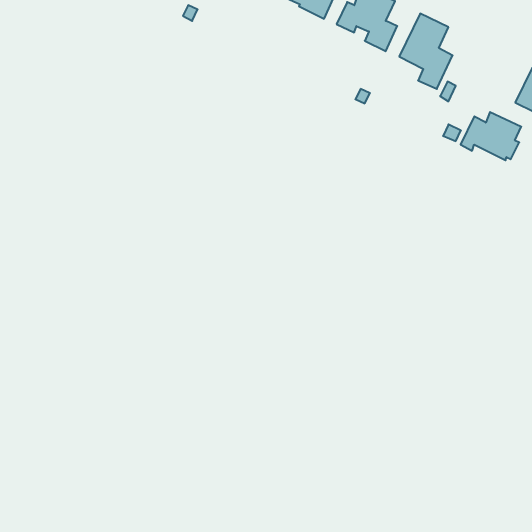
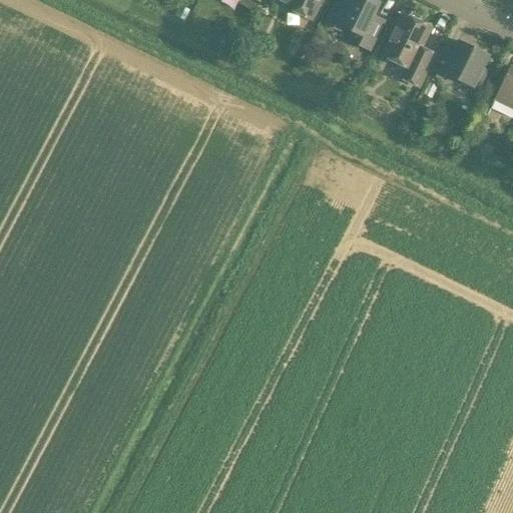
building: [461,112,521,160] -> [432,40,490,86]

